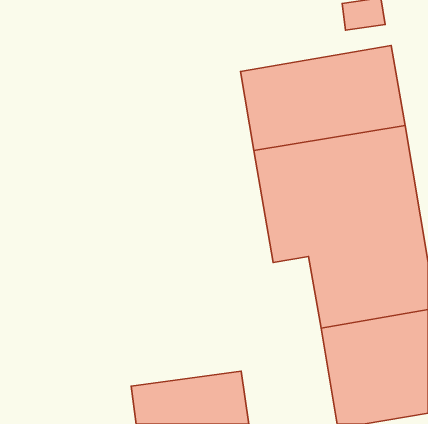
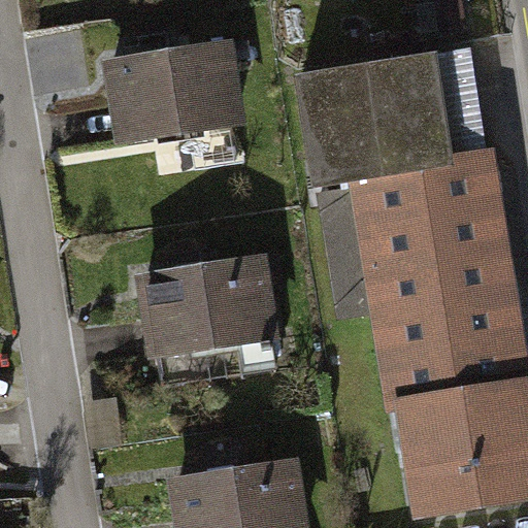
building: none -> [108,39,257,163]
building: none -> [126,251,276,363]

